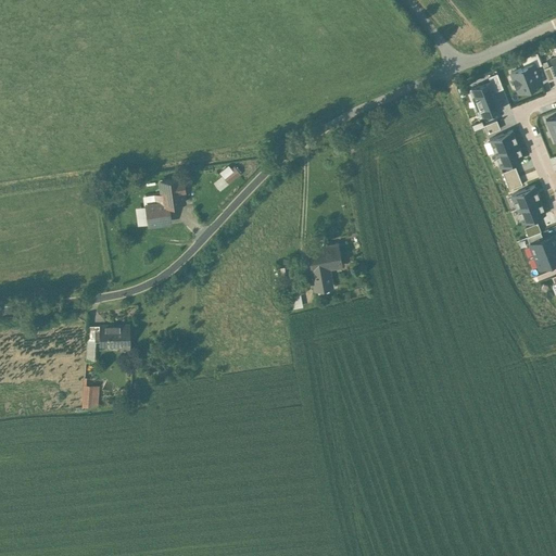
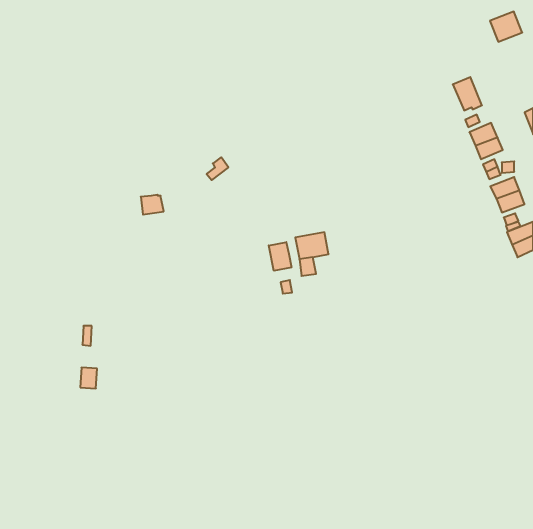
building: [509,64,543,96] -> [490,12,522,42]
building: [155,181,184,207] -> none
building: none -> [269,242,291,271]
building: [100,327,129,356] -> none

